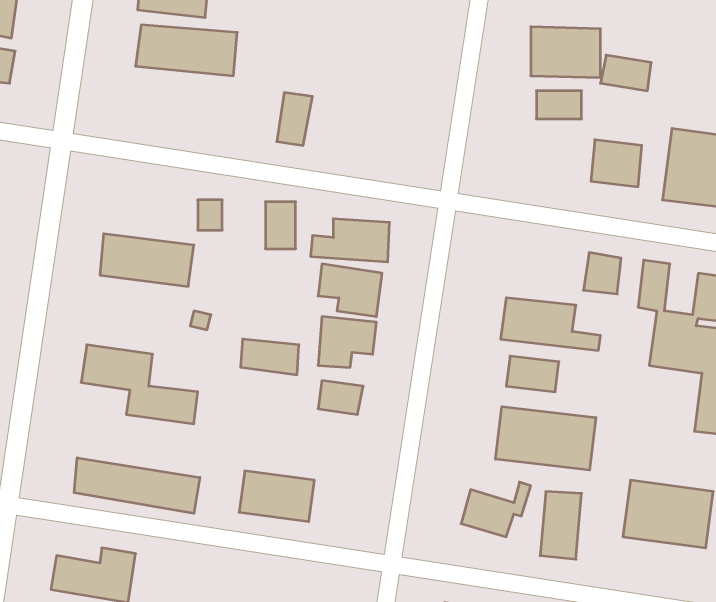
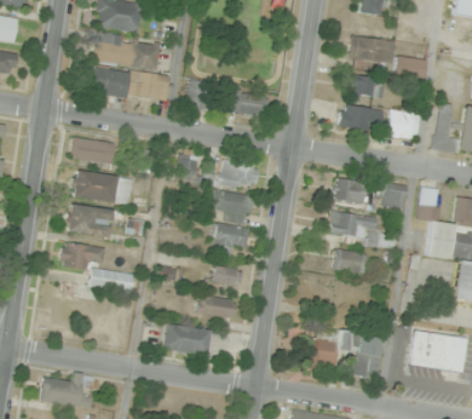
building: none -> [87,65,172,103]
building: none -> [232,93,269,119]
building: none -> [340,107,385,133]
building: none -> [73,139,114,160]
building: none -> [335,179,367,203]
building: none -> [68,205,115,237]
building: [241,339,299,375] -> [198,295,236,318]
building: [496,407,596,470] -> none
building: [74,458,200,513] -> none

